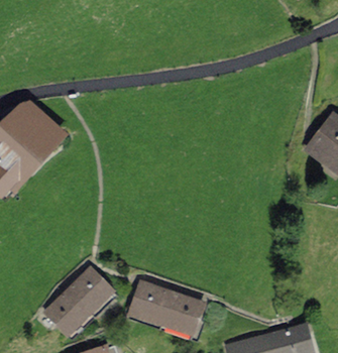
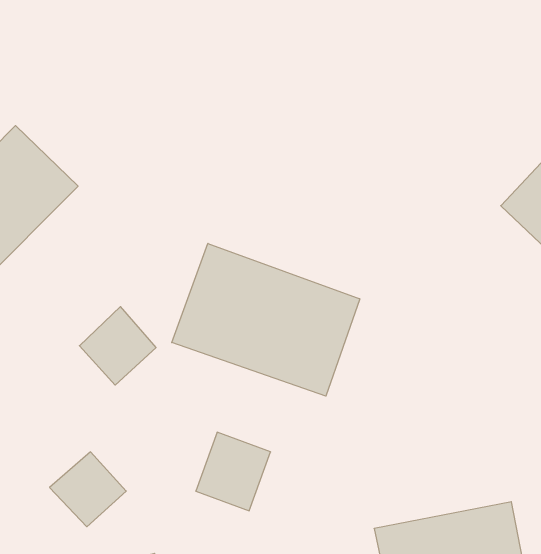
building: none -> [172,243,360,396]
building: [69,269,112,314] -> [79,307,156,385]
building: [158,291,203,336] -> none

